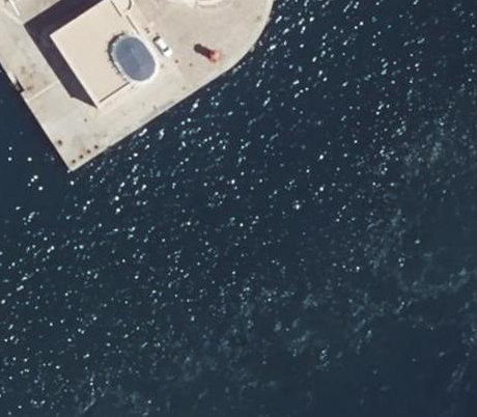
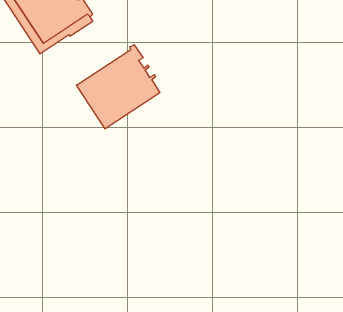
building: none -> [76,45,160,129]

